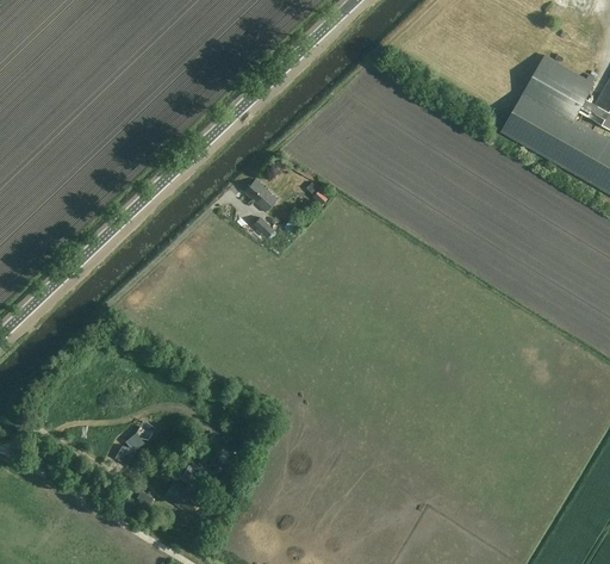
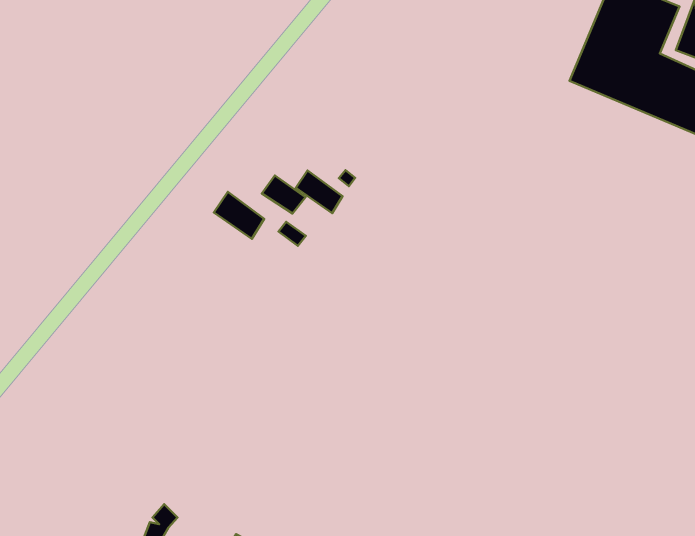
building: none -> [296,171,342,213]
building: none -> [214,192,264,239]

